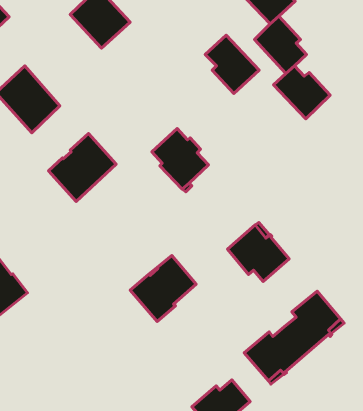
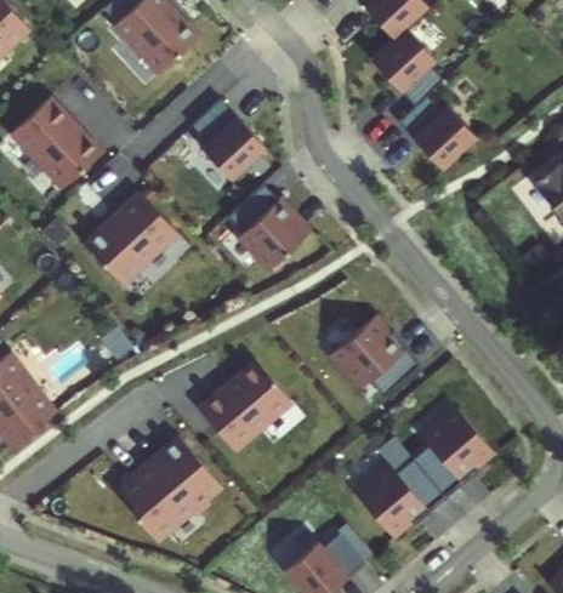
building: [205,35,259,94] -> [190,97,266,178]
building: none -> [119,434,221,541]

